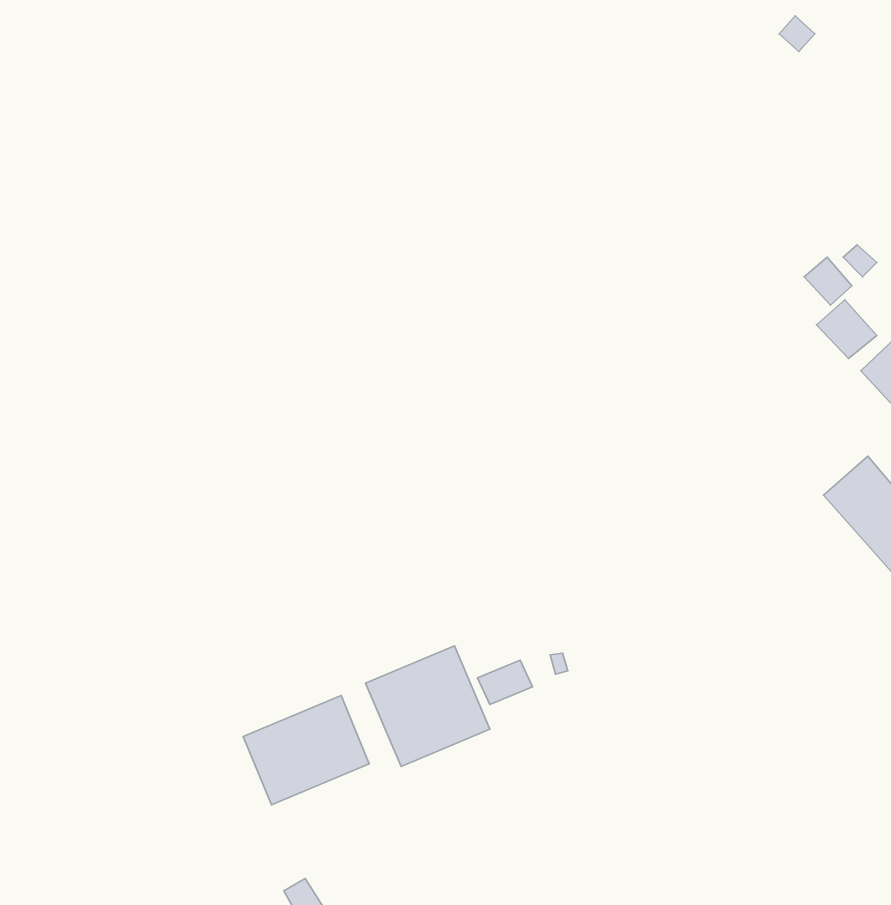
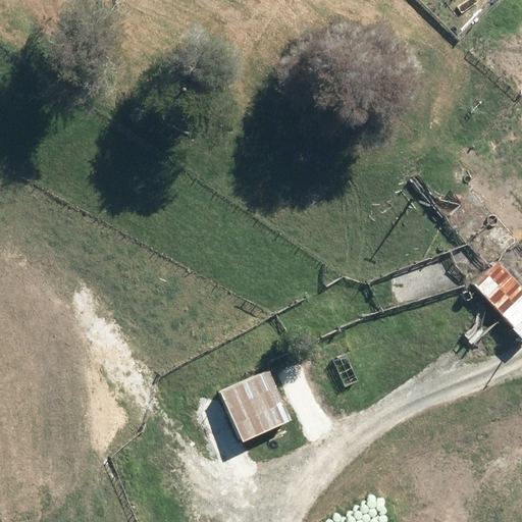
building: [243,695,369,805] -> none

